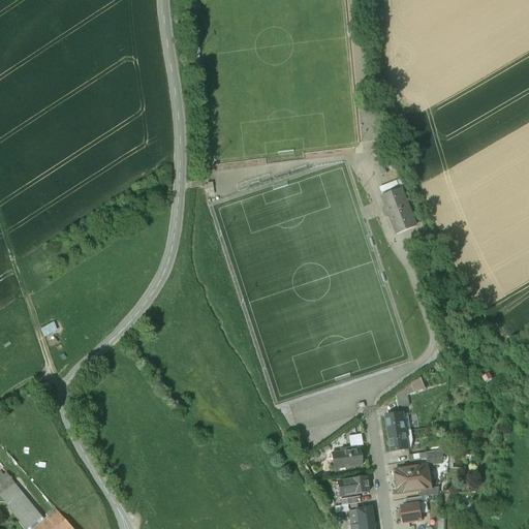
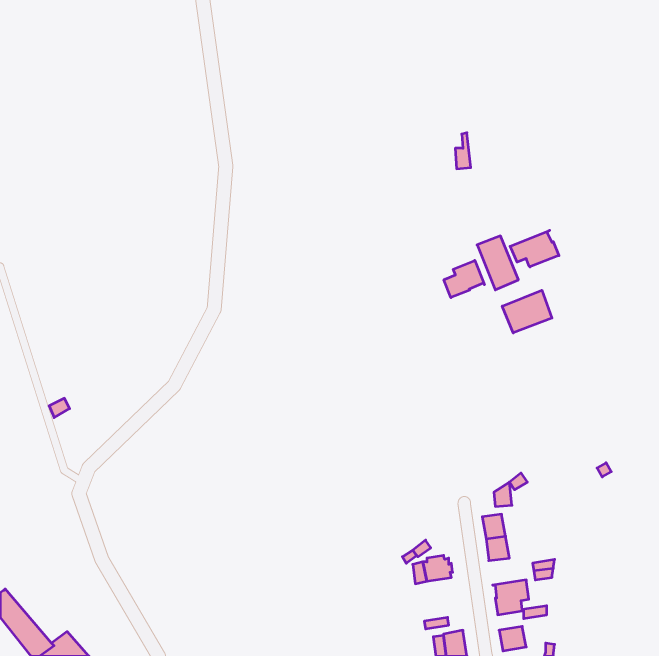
building: none -> [510,230,559,267]
building: none -> [444,260,484,298]
building: none -> [502,290,552,333]
building: [338,475,368,495] -> none

